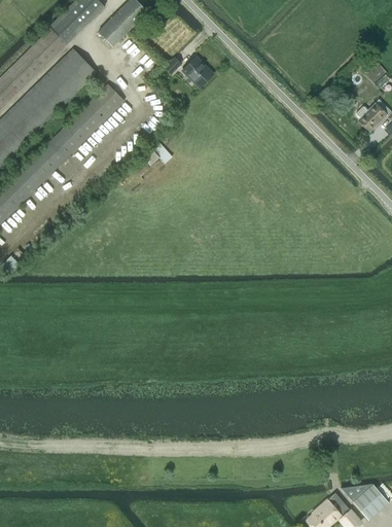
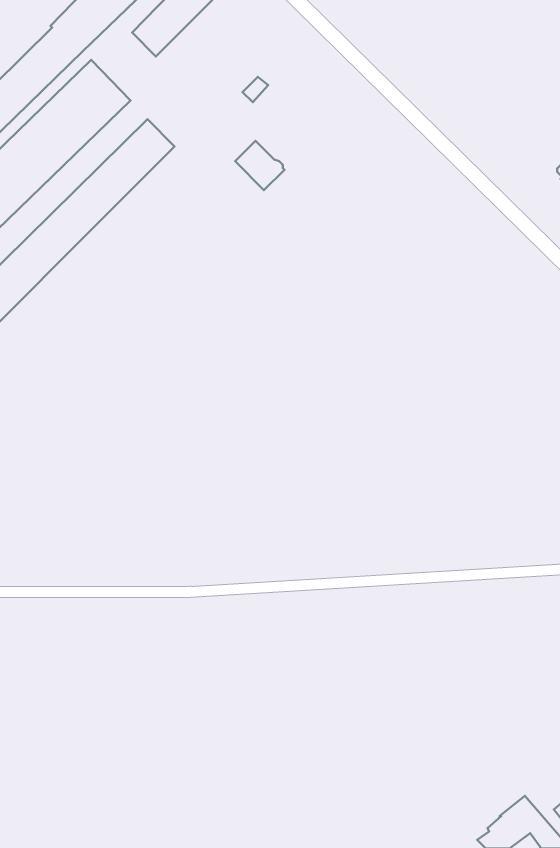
building: [182,57,212,86] -> [235,141,284,190]

